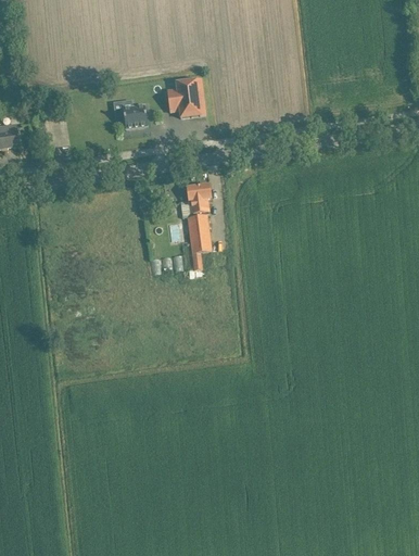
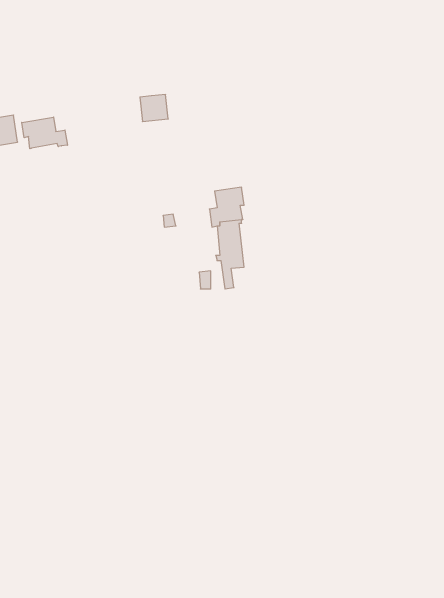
building: [167,78,206,117] -> none
building: none -> [22,117,67,149]

